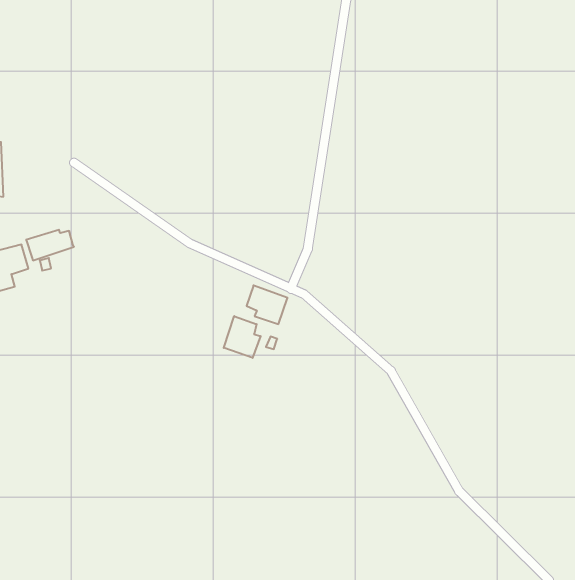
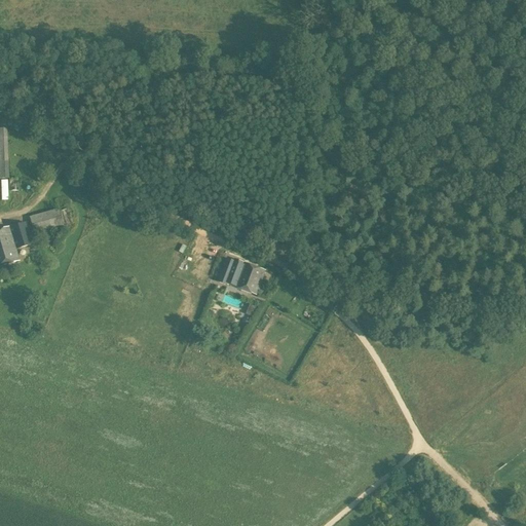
building: [224,316,261,358] -> none

